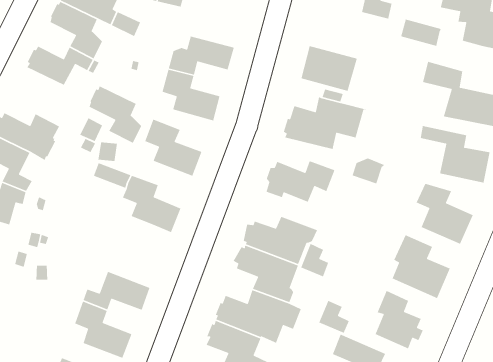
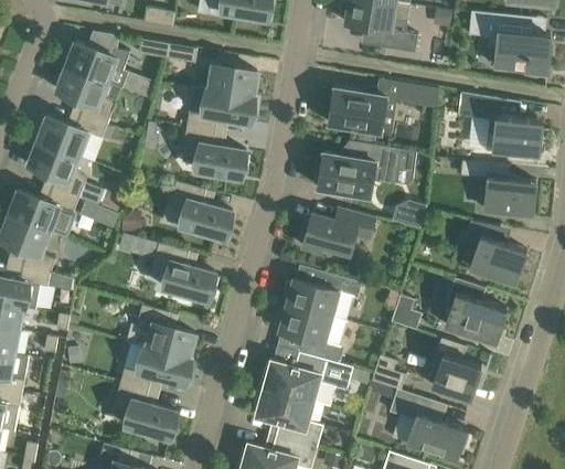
building: none -> [206,66,256,99]
building: [400,19,442,47] -> [396,84,439,110]
building: [89,85,142,144] -> [28,142,86,201]
building: none -> [135,307,195,362]
building: [300,243,329,278] -> [391,296,420,331]

